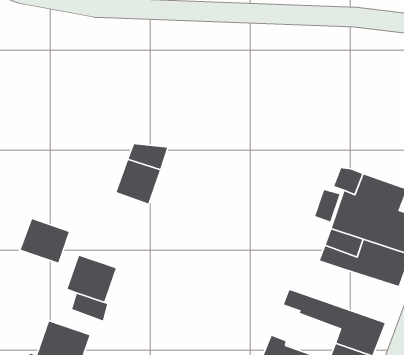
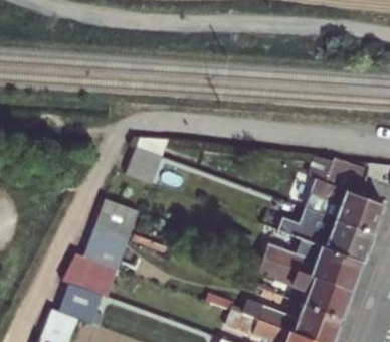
building: [20,218,70,264] -> [92,202,135,240]
building: none -> [277,241,363,287]

